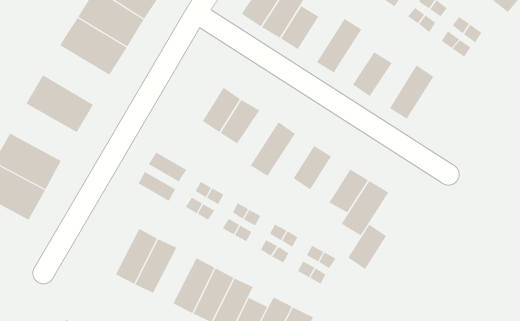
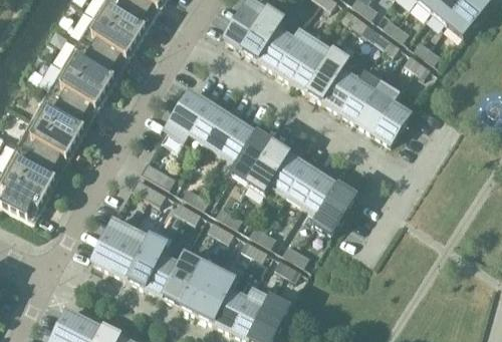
building: none -> [274,29,315,78]
building: none -> [306,49,347,98]
building: none -> [45,63,105,116]
building: none -> [338,70,380,119]
building: none -> [165,89,207,139]
building: none -> [371,91,414,141]
building: none -> [16,115,76,166]
building: none -> [220,121,256,170]
building: none -> [247,142,288,192]
building: none -> [91,217,132,268]
building: [348,224,387,270] -> [285,162,320,204]
building: none -> [145,244,183,294]

